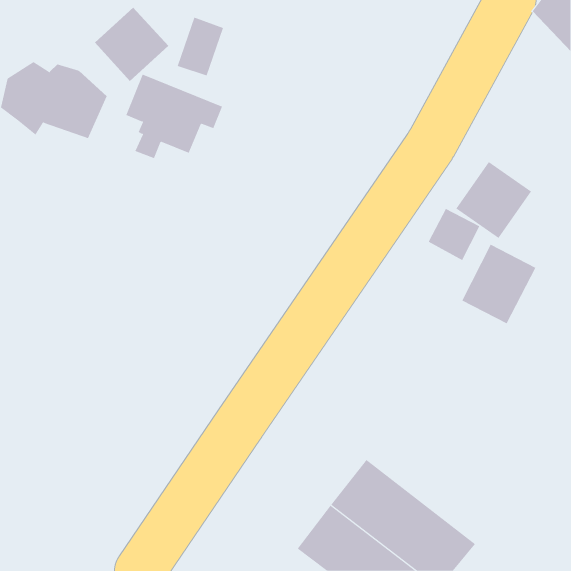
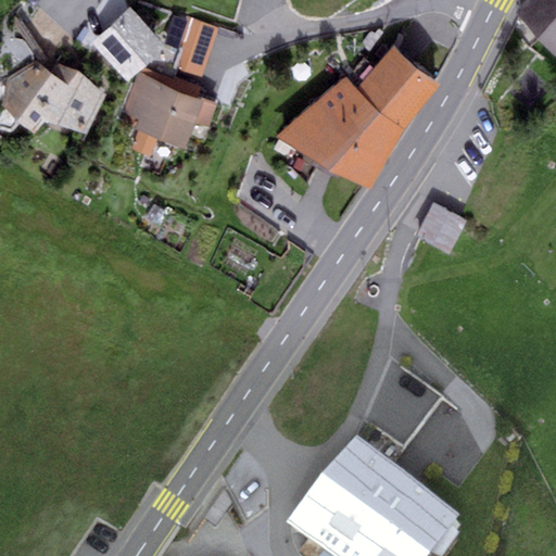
building: none -> [276,43,440,189]
building: [456,161,532,239] -> none
building: [461,244,536,324] -> none

